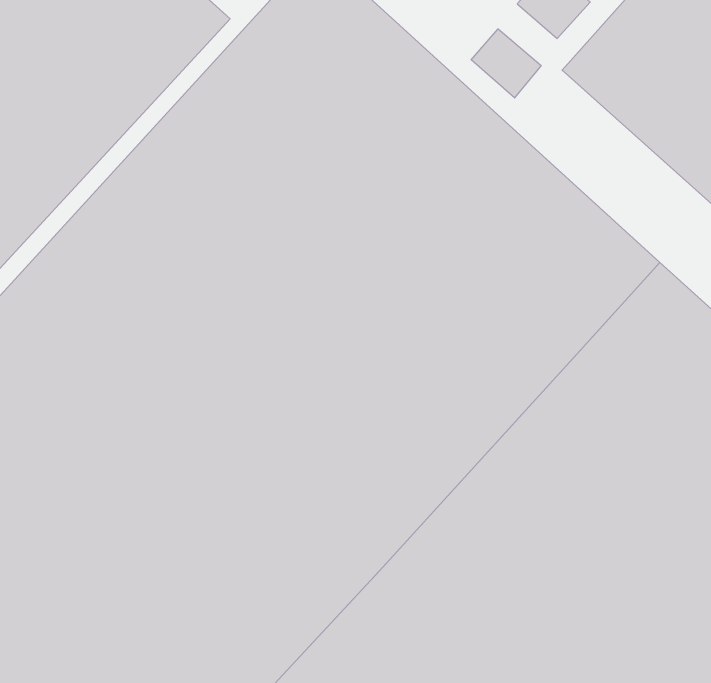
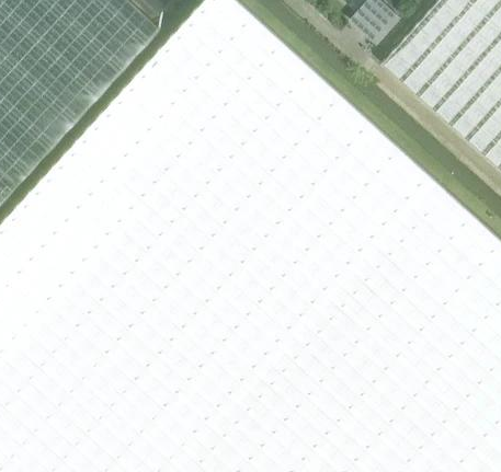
building: [471,29,541,98] -> none

